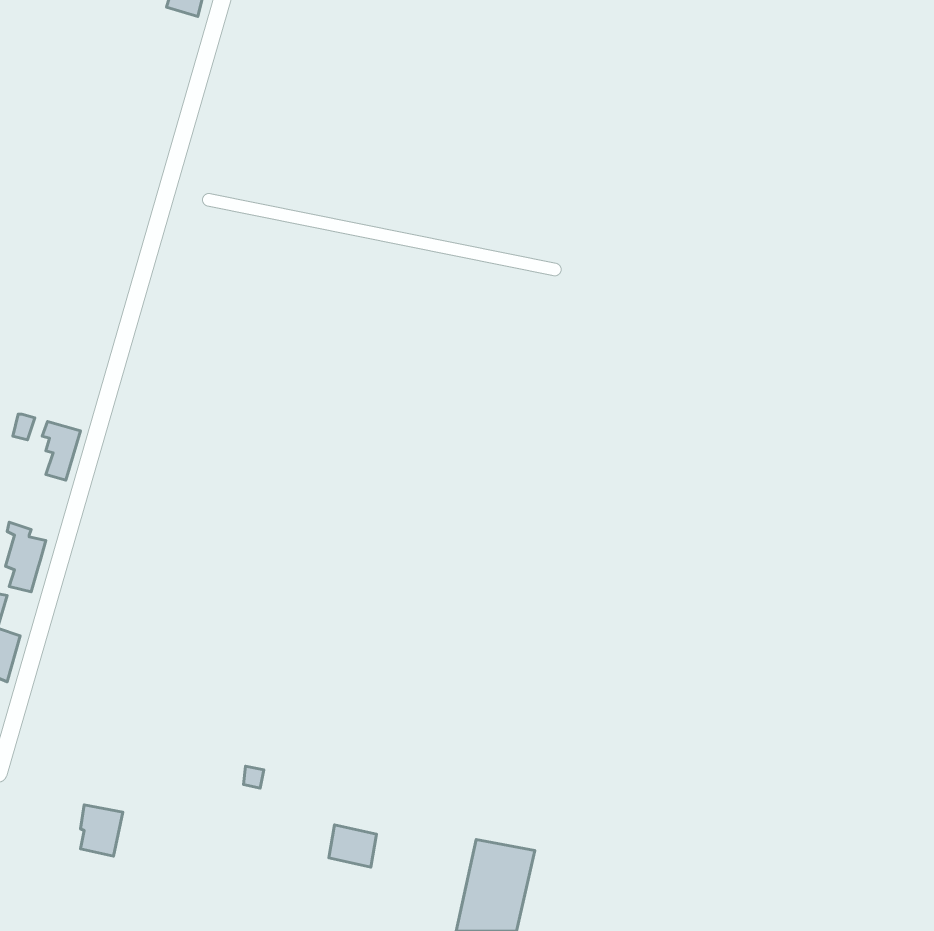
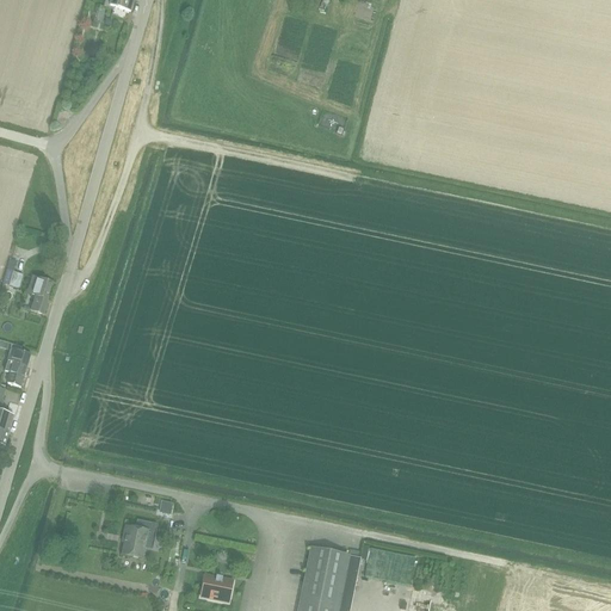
building: [81,805,123,856] -> [121,524,148,557]
building: [329,825,376,867] -> [200,573,232,600]

